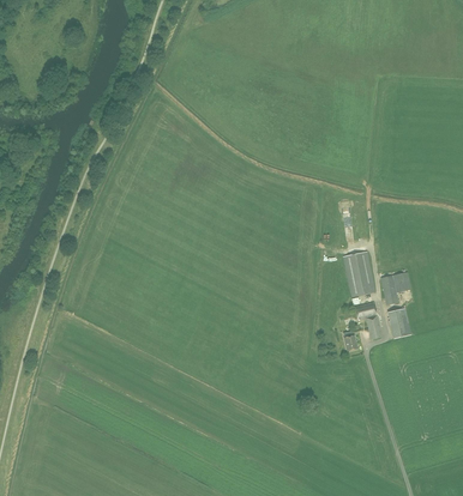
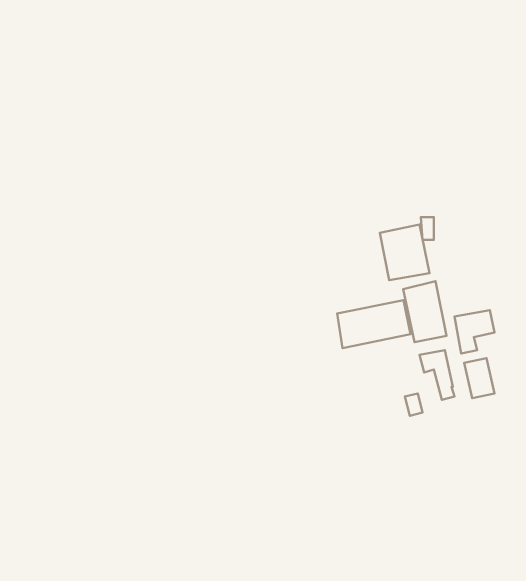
building: none -> [380,225,429,280]
building: none -> [337,300,411,348]

